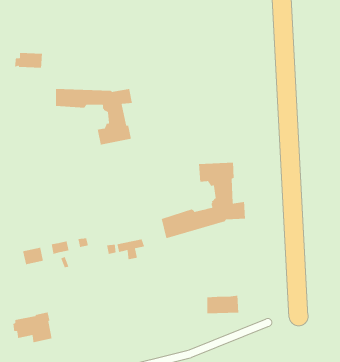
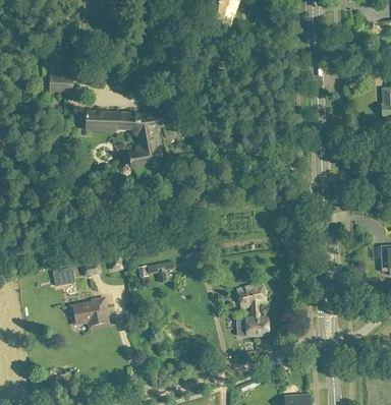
building: [161,162,246,239] -> none
building: none -> [236,282,268,317]
building: [12,311,52,343] -> [69,297,109,329]

